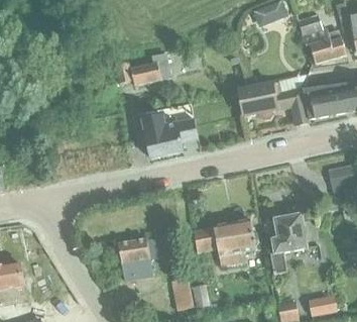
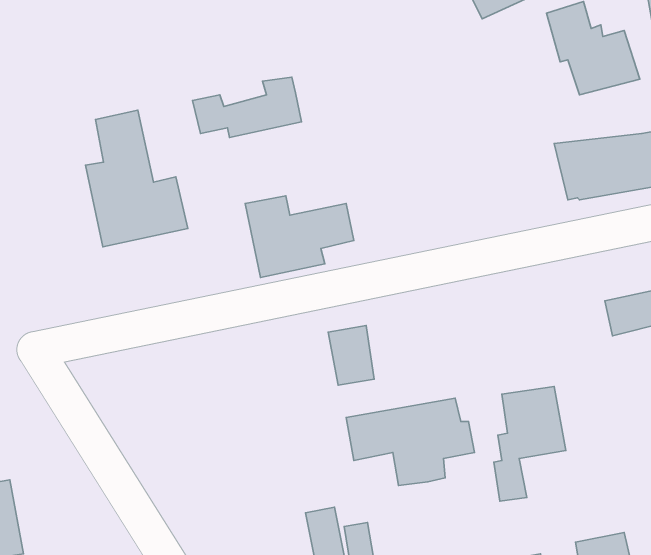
building: none -> [85,110,188,247]
building: [238,84,308,125] -> none
building: none -> [328,325,374,385]
building: [116,237,151,281] -> none

